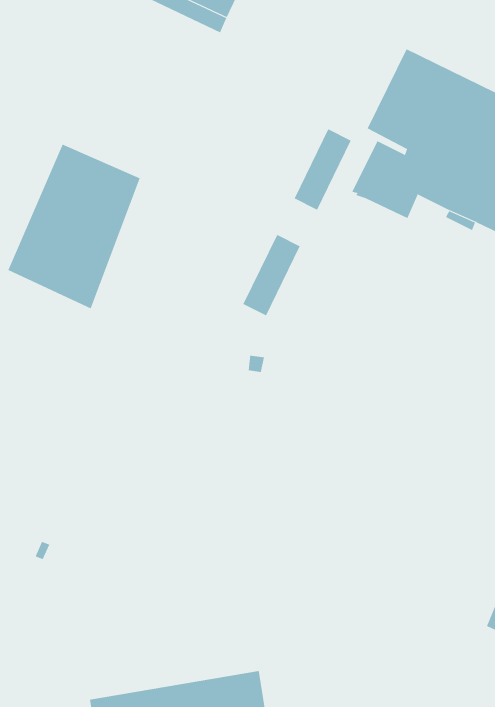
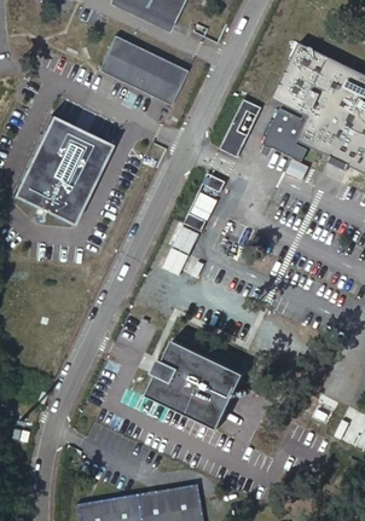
building: none -> [98,35,186,104]
building: none -> [143,340,241,430]

